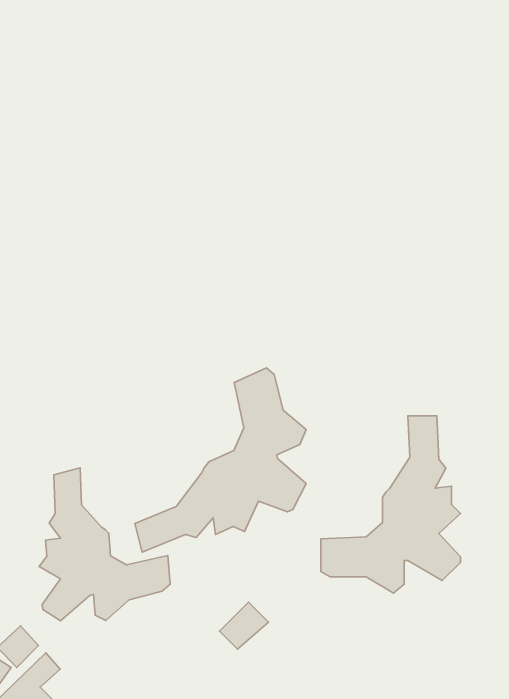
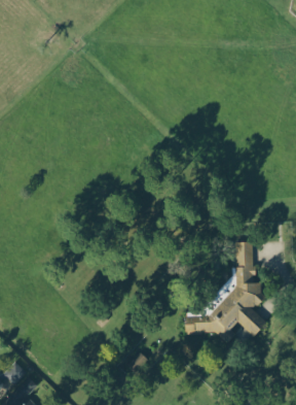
building: [135,368,306,552] -> none
building: [39,468,170,621] -> none

